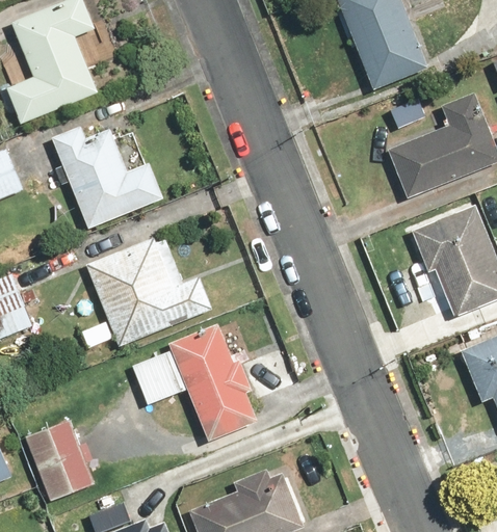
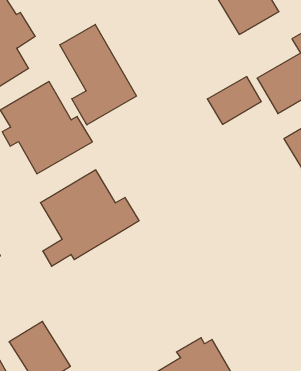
building: none -> [60,24,136,125]
building: none -> [207,77,261,124]
building: [132,324,258,441] -> none

